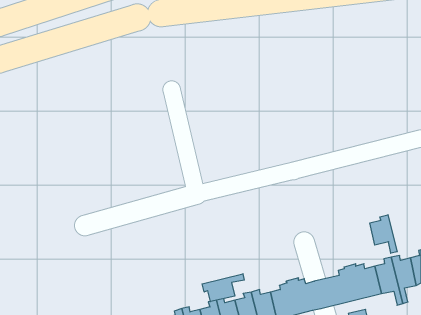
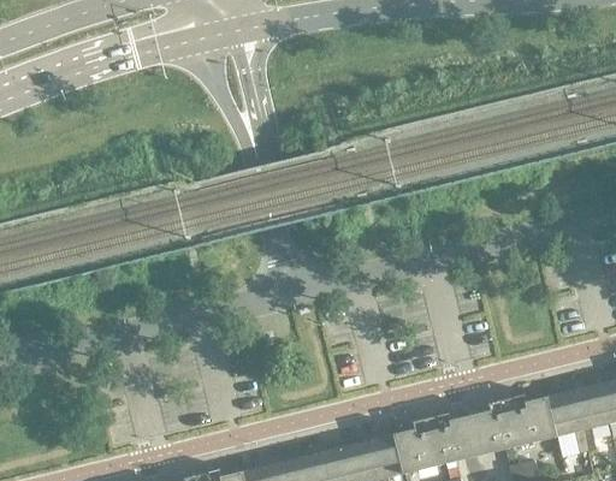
building: [370,215,397,253] -> none
building: [202,274,244,302] -> none

